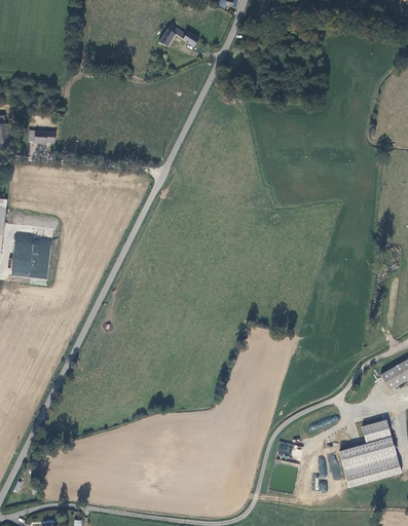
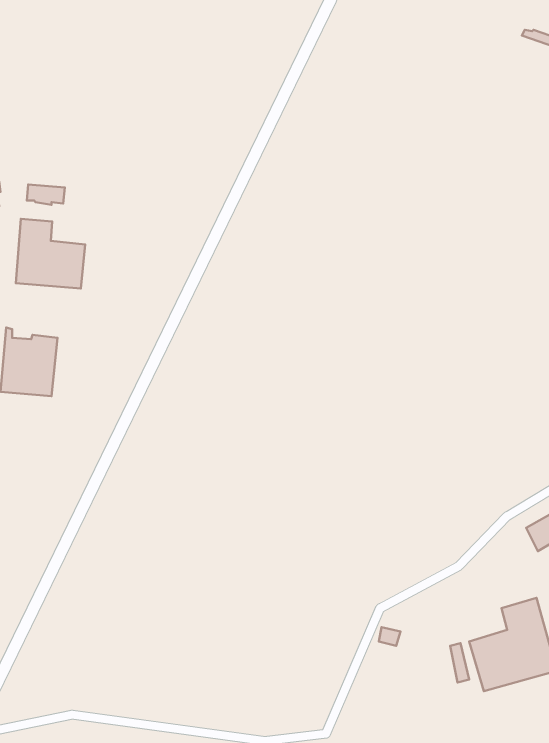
building: [157,24,197,46] -> none
building: none -> [16,219,85,288]

